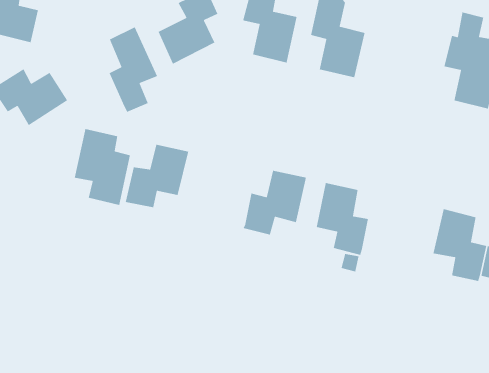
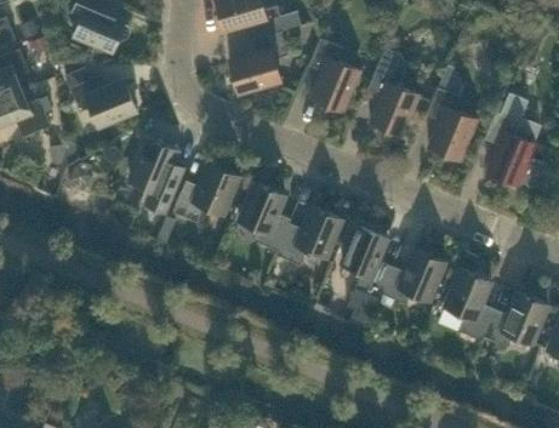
building: none -> [427,87,478,160]
building: [109,26,158,113] -> none
building: none -> [240,183,292,251]
building: none -> [382,250,445,303]

